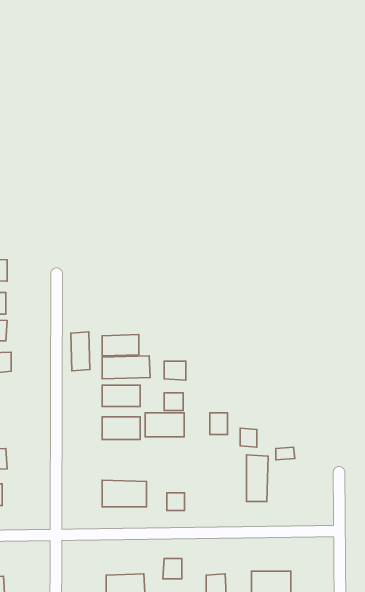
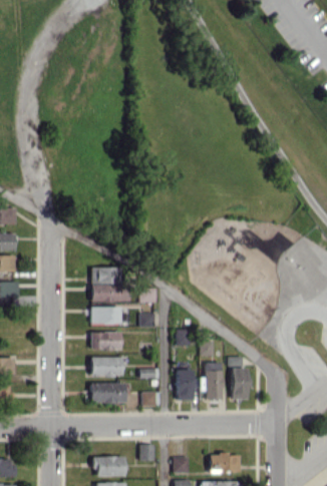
building: [71,332,90,371] -> none
building: [145,413,184,437] -> [91,357,122,376]
building: none -> [232,368,249,399]
building: none -> [177,369,195,400]

